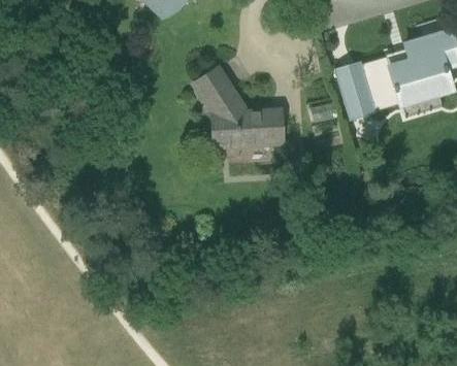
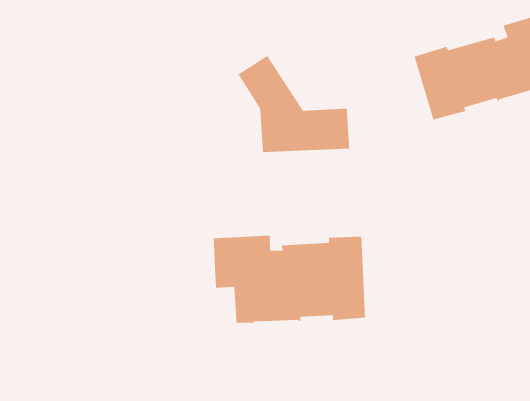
building: none -> [213,235,366,324]

